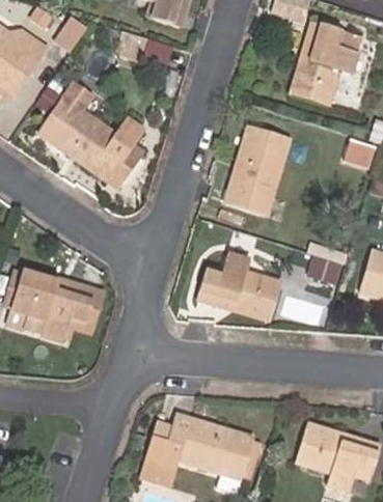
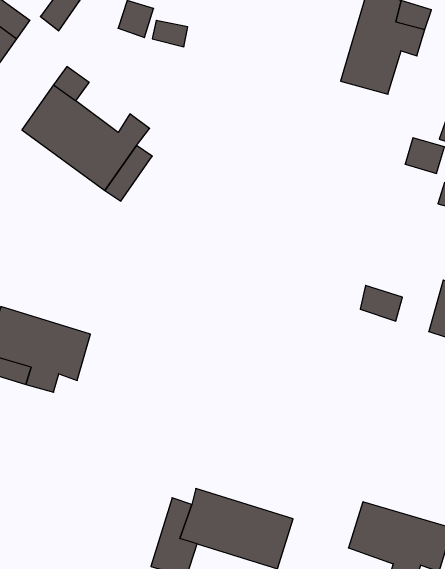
building: [225,126,290,215] -> none
building: [198,253,281,320] -> none

